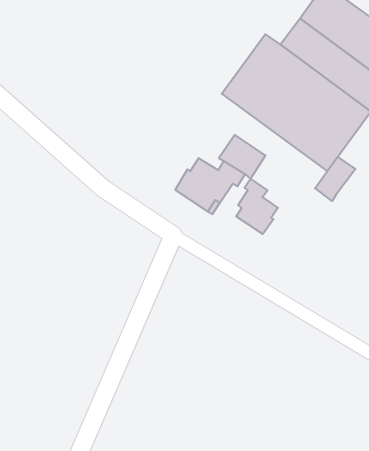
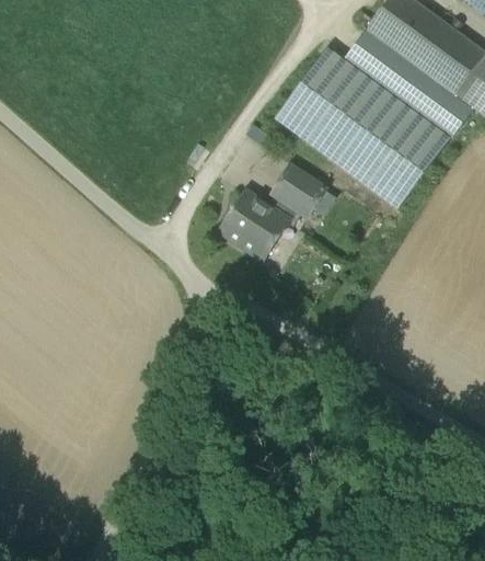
building: [315,157,355,201] -> none
building: [236,179,278,234] -> none

